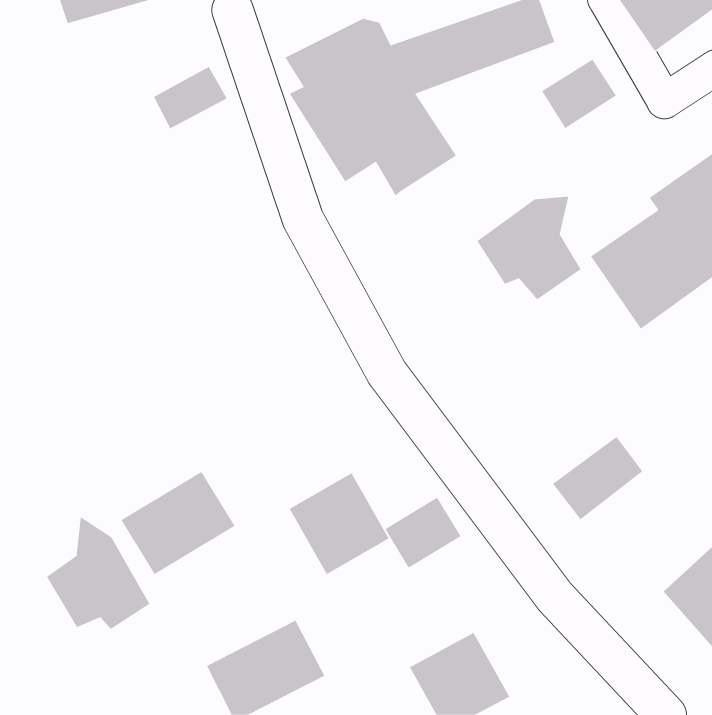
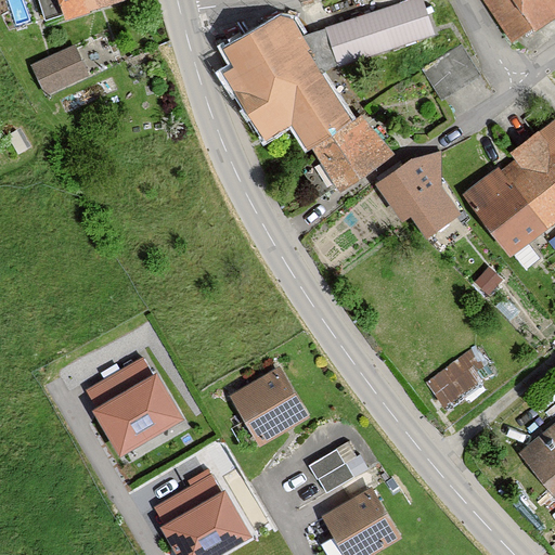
building: [153,66,227,129] -> [30,46,88,94]
building: none -> [314,114,399,192]
building: [384,497,461,568] -> [308,442,367,498]
building: [46,516,150,630] -> none

